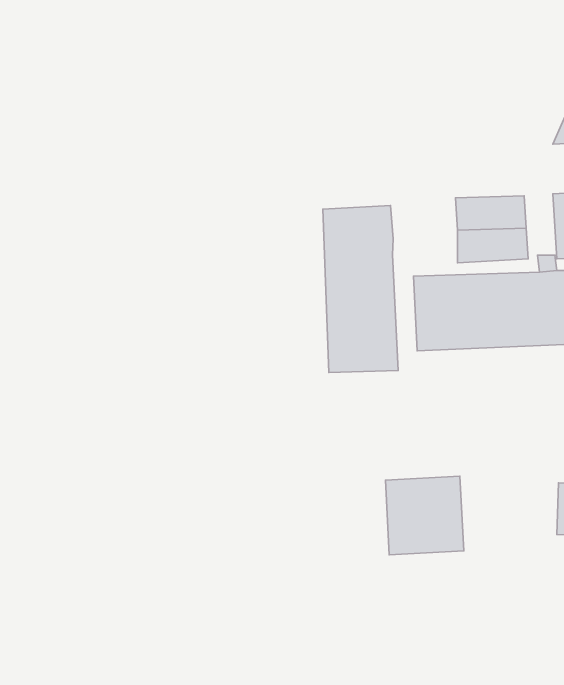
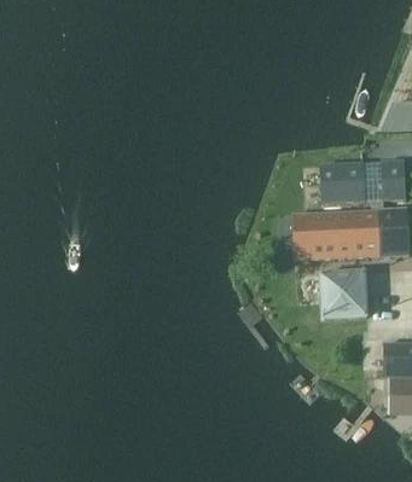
building: [323,206,398,373] -> none
building: [385,476,464,555] -> [319,269,369,319]

